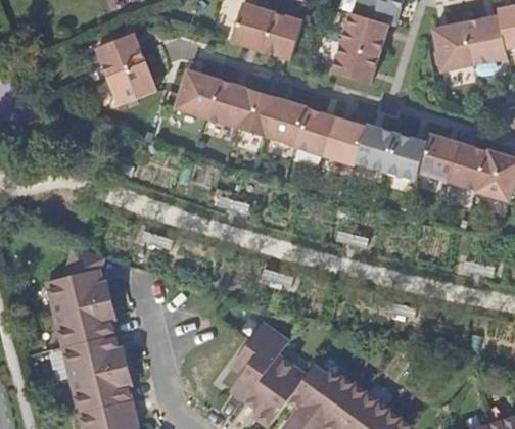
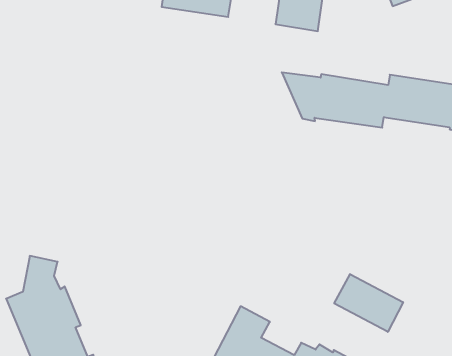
building: [97,32,157,105] -> none
building: [176,69,344,161] -> none
building: none -> [334,274,403,332]

